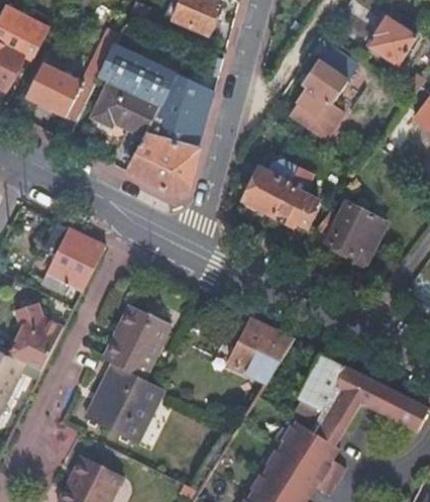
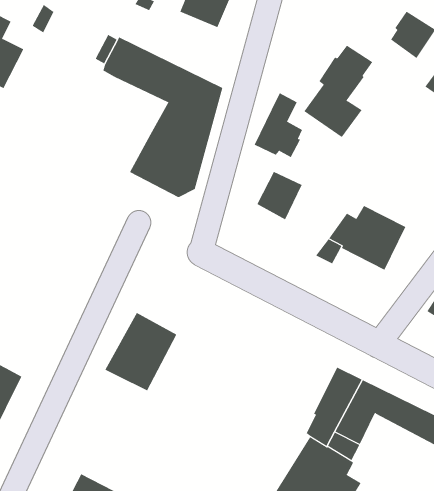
building: [26,63,93,141] -> none
building: [90,81,162,141] -> none
building: [273,167,319,228] -> [254,93,303,158]
building: [43,222,105,292] -> none
building: [9,303,64,372] -> none
building: [231,320,294,384] -> none
building: [85,363,164,442] -> none

